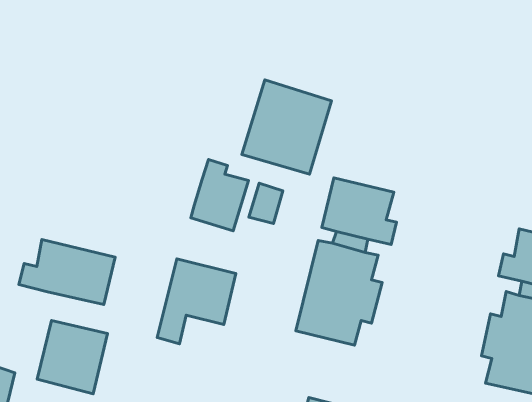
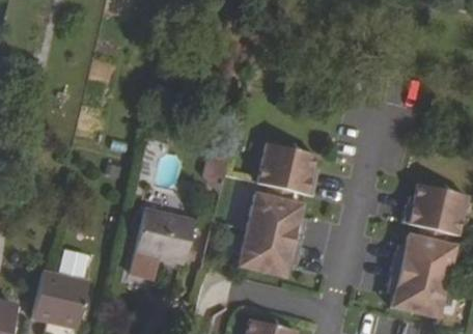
building: [242,80,332,174] -> none
building: [191,160,249,231] -> none
building: [19,240,115,304] -> none

